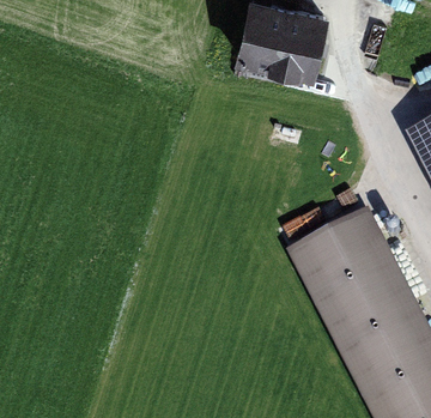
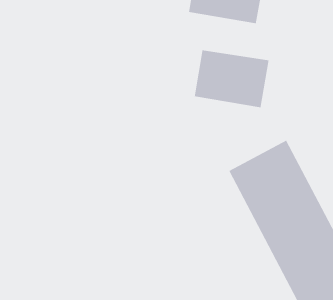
building: none -> [194,49,269,108]

